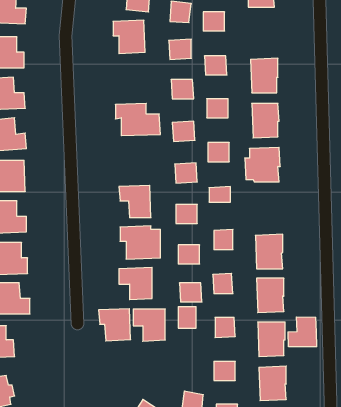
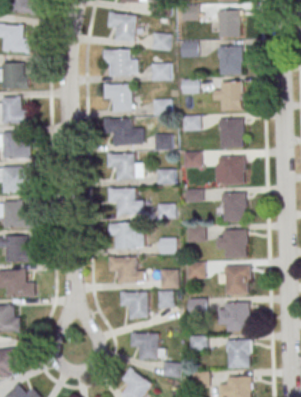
building: none -> [219,45,242,74]
building: none -> [104,83,132,110]
building: none -> [109,152,135,179]
building: none -> [223,192,246,221]
building: [99,309,131,341] -> [132,333,159,360]
building: [288,317,317,347] -> none

